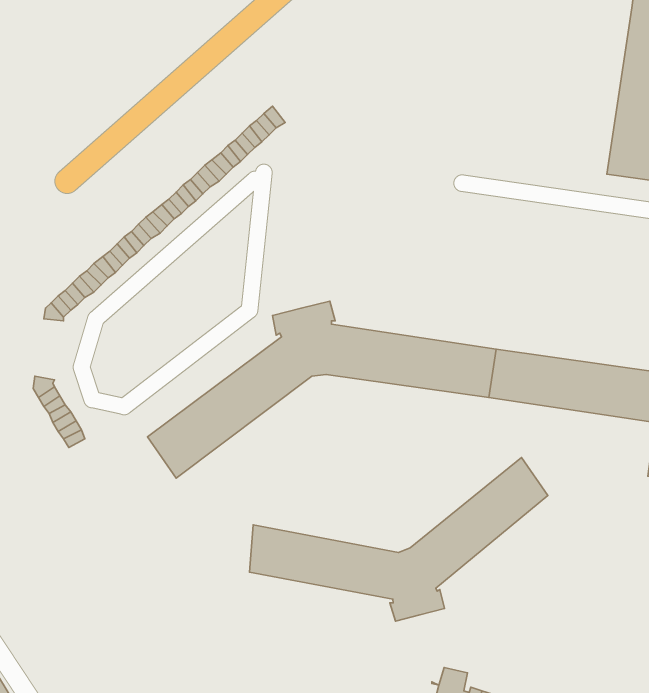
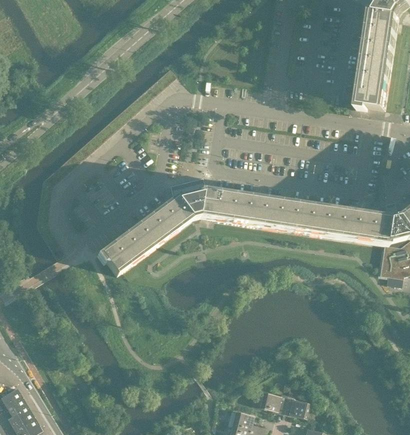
building: [249,458,548,621] -> none

